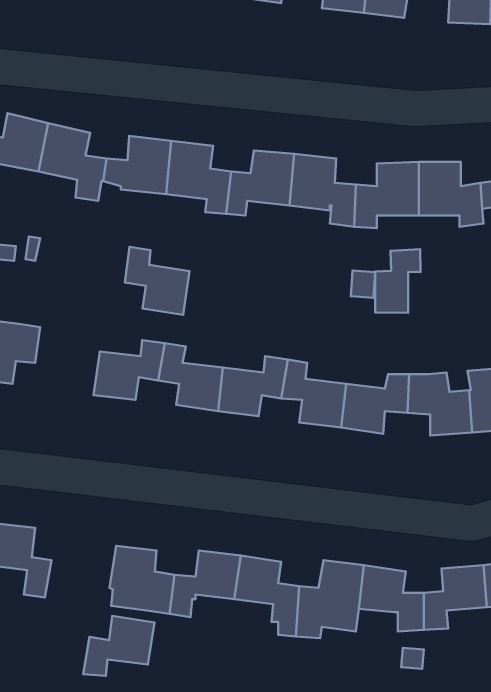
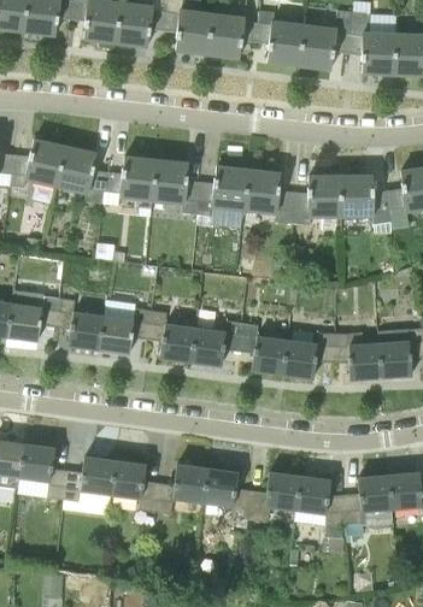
building: [125,247,190,315] -> [55,299,104,349]
building: [375,249,421,313] -> none
building: [83,616,154,676] -> [63,456,116,501]

